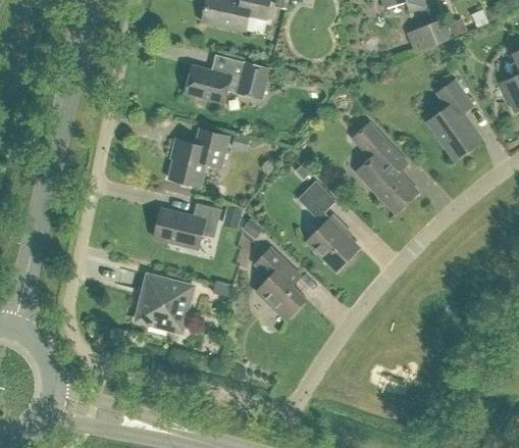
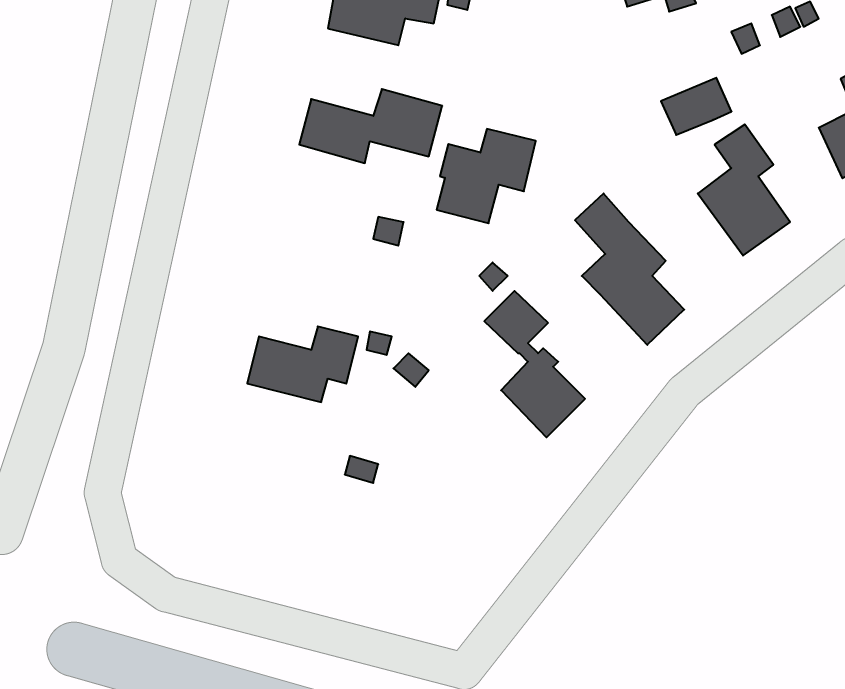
building: [407,18,450,53] -> [661,78,732,135]
building: [168,129,228,186] -> [437,129,536,223]
building: [254,247,306,319] -> none
building: [136,273,193,332] -> none

